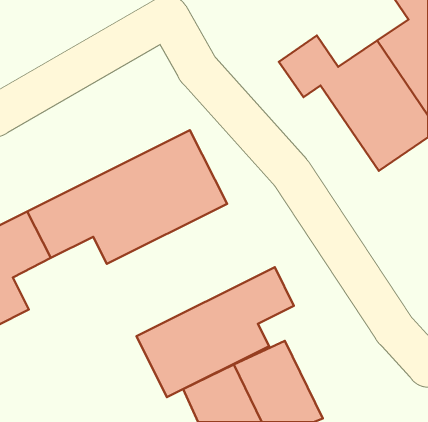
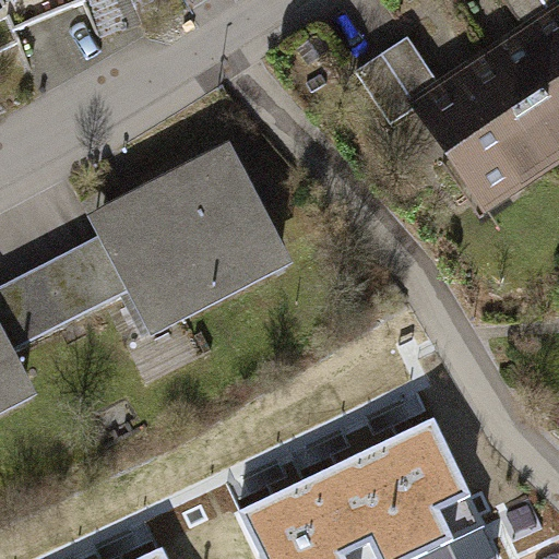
building: [136,267,294,397] -> none
building: none -> [367,409,479,540]

